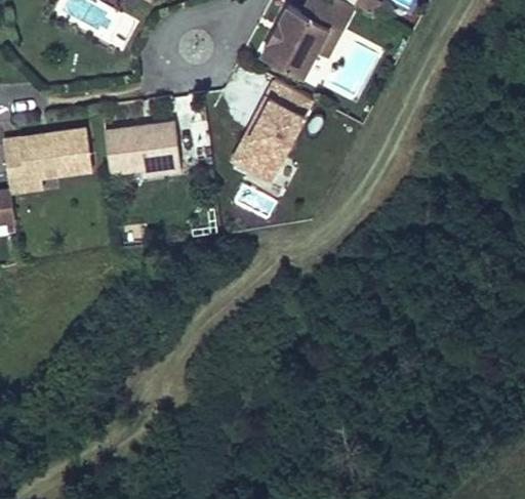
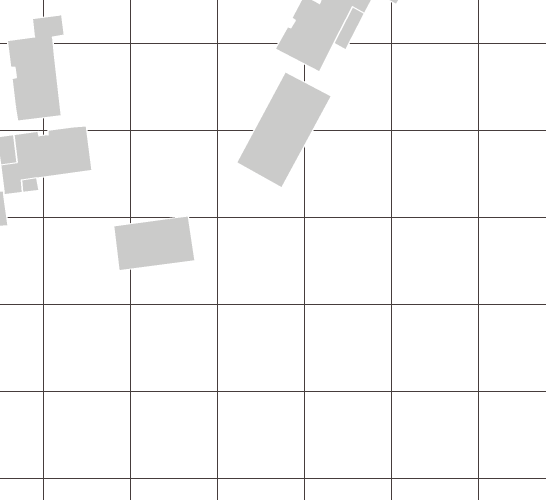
building: none -> [8,14,64,121]
building: [105,121,180,171] -> [113,216,195,270]

